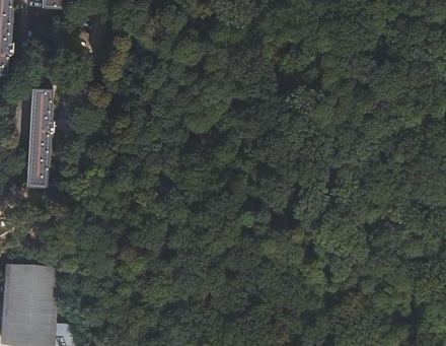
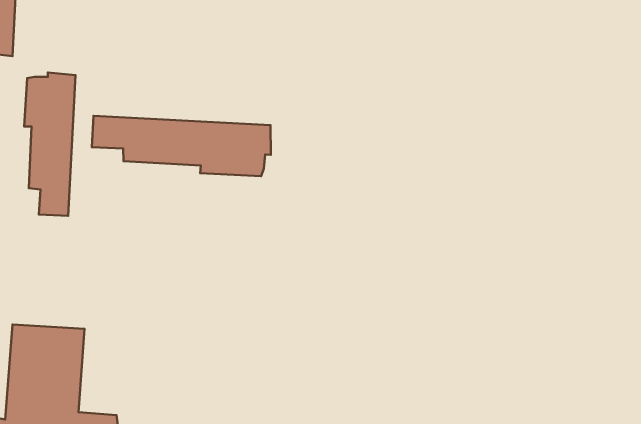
building: none -> [92,116,271,176]

